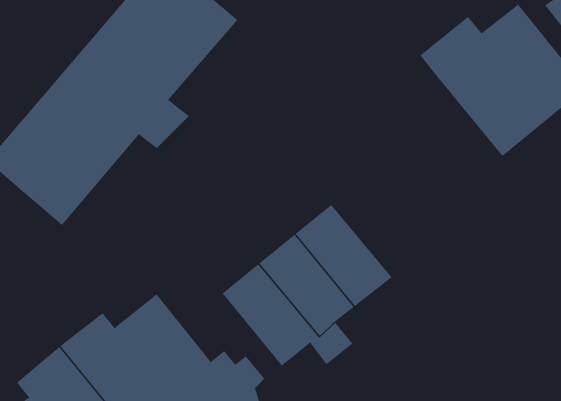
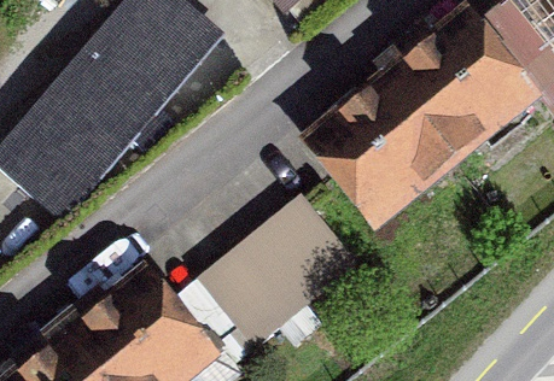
building: none -> [314,84,451,221]

